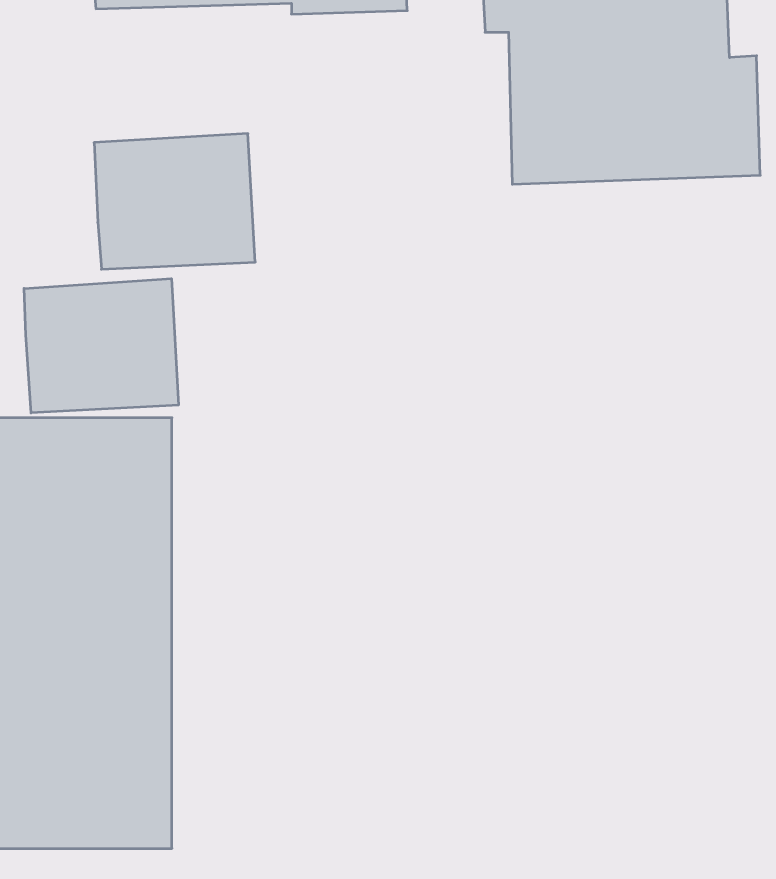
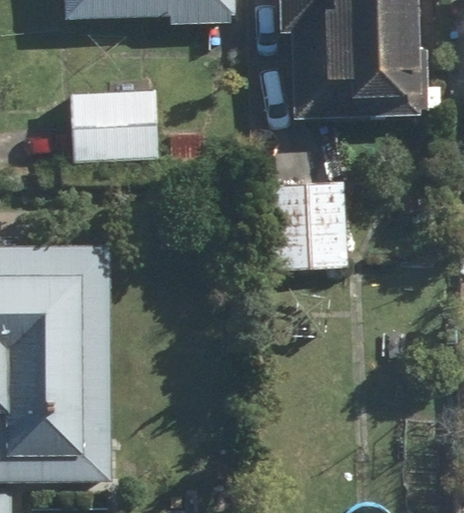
building: [24,279,178,413] -> none
building: none -> [264,180,348,272]

